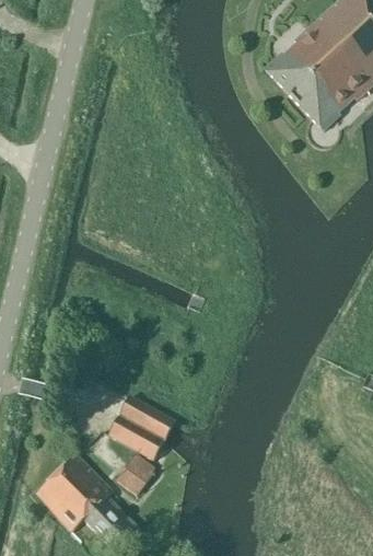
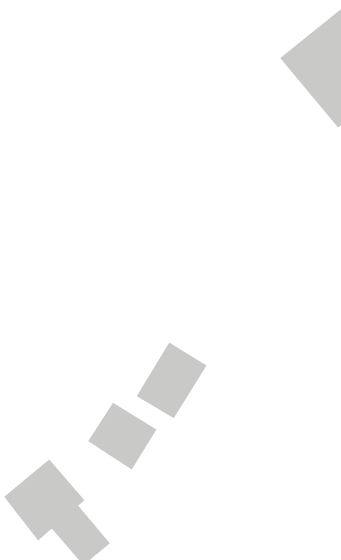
building: none -> [136,341,207,419]
building: [115,452,154,497] -> none

